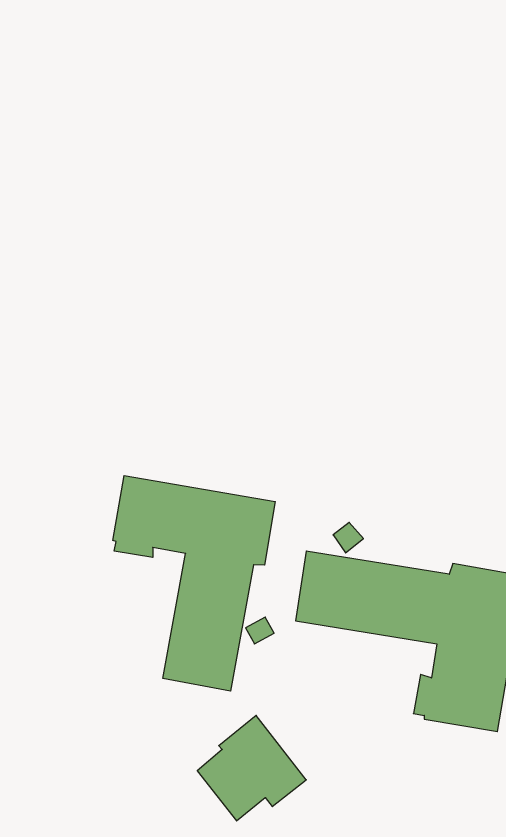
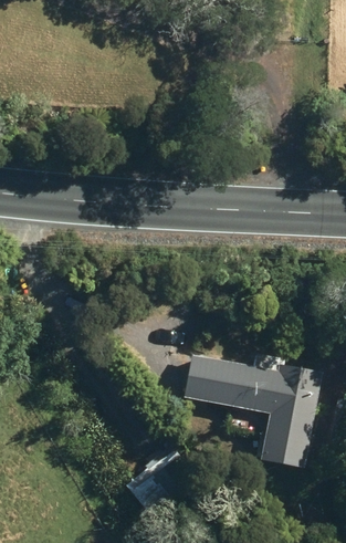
building: [113,476,275,691] -> none

